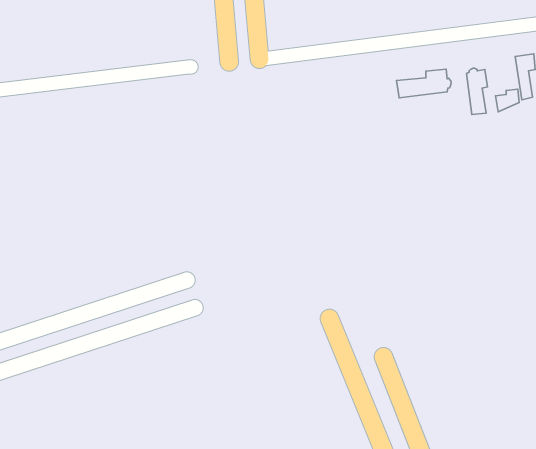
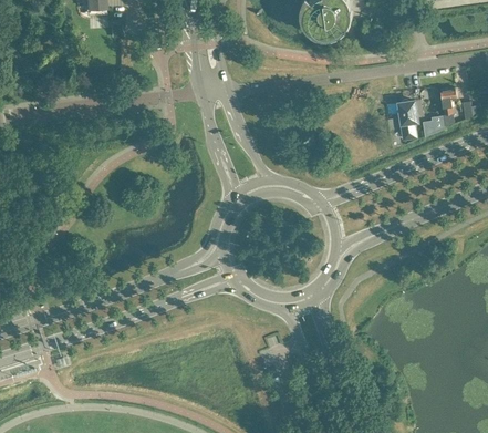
building: [396,69,451,98] -> none

